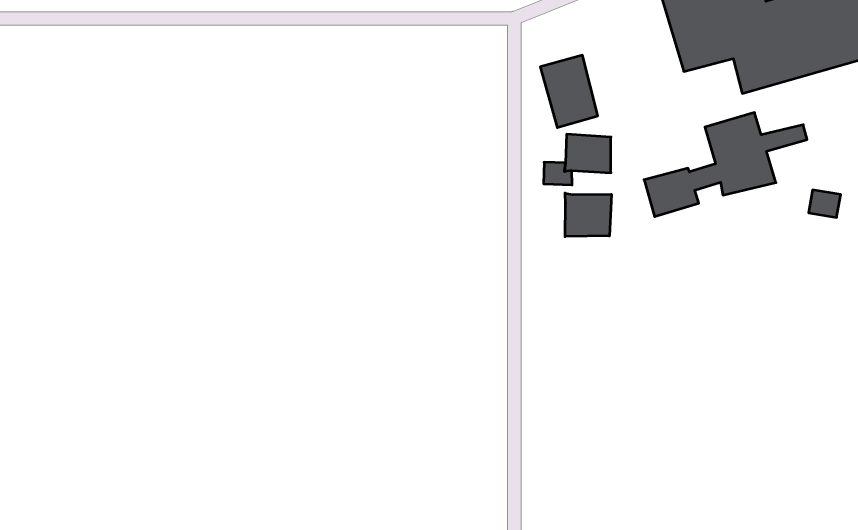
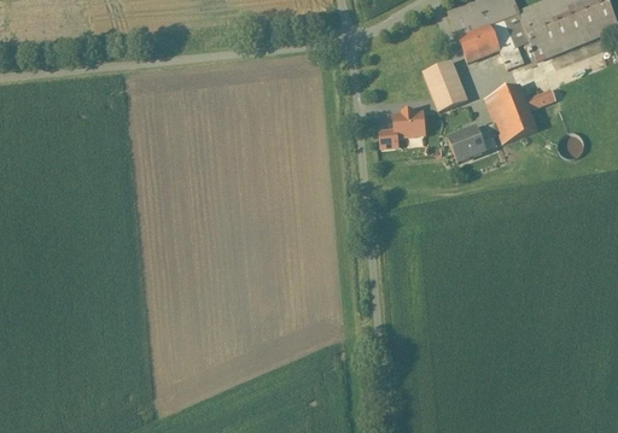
building: [540,55,598,128] -> [424,60,466,111]
building: [565,193,611,237] -> none

